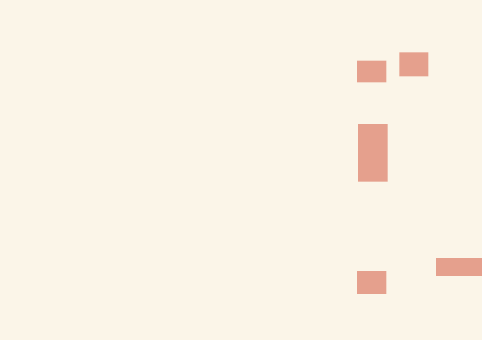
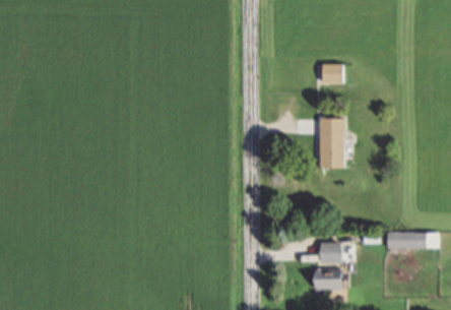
building: [399,51,429,77] -> none
building: none -> [317,268,348,289]

